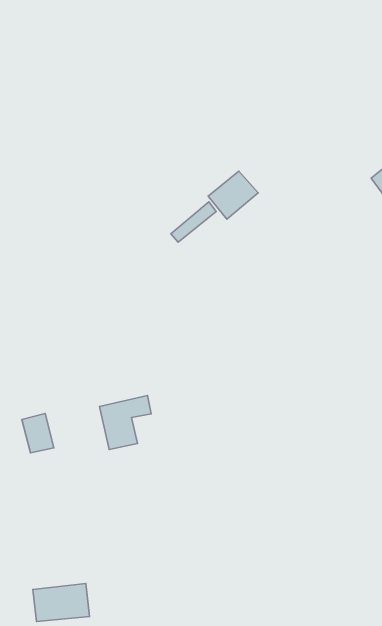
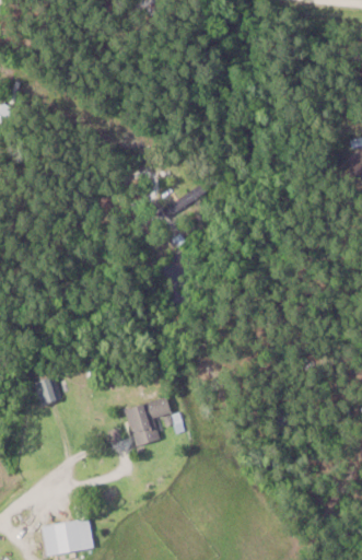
building: [208,171,258,219] -> none
building: [99,395,151,450] -> [126,398,172,446]

